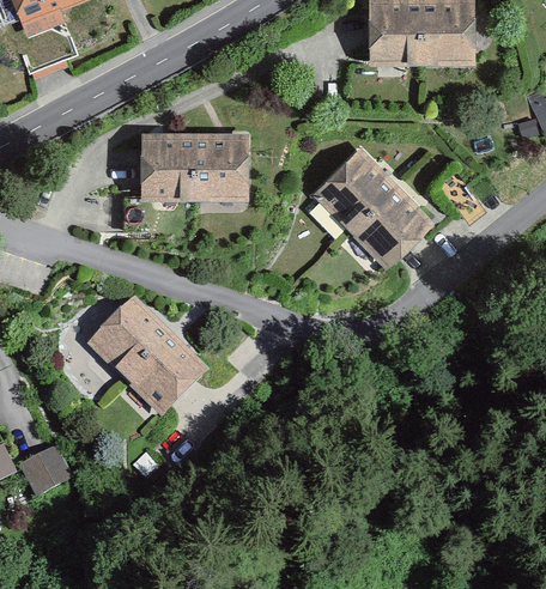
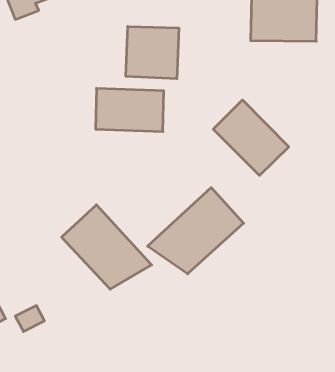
building: none -> [126,26,179,79]
building: none -> [148,188,244,274]

